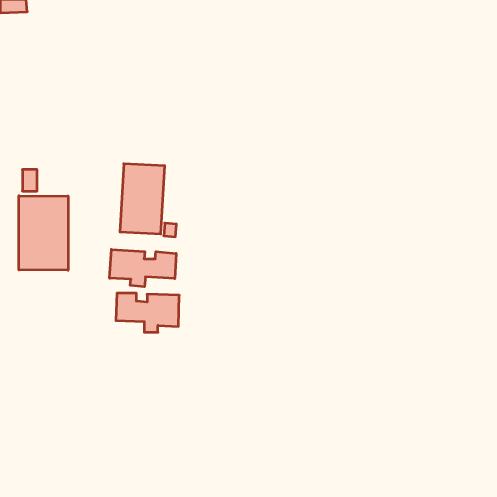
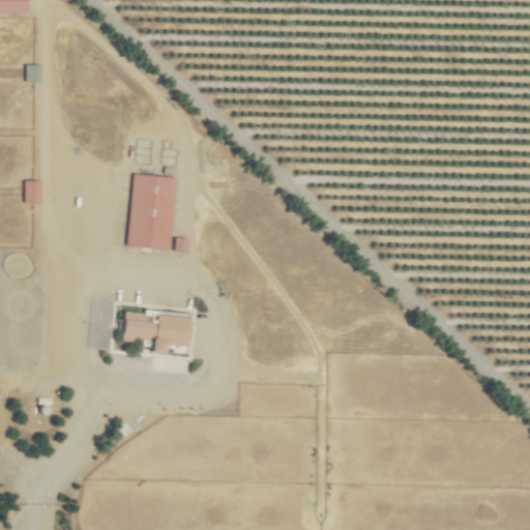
building: [19,196,68,270] -> none
building: [110,249,176,287] -> none

